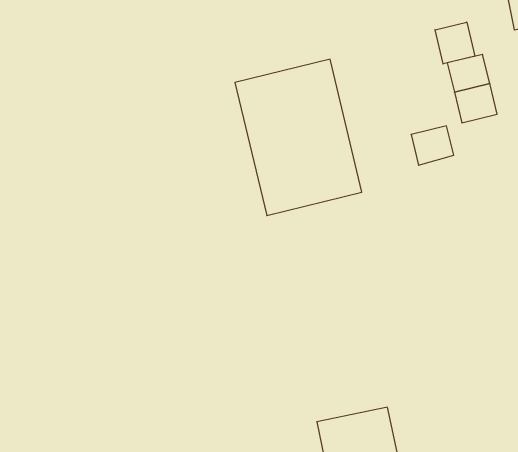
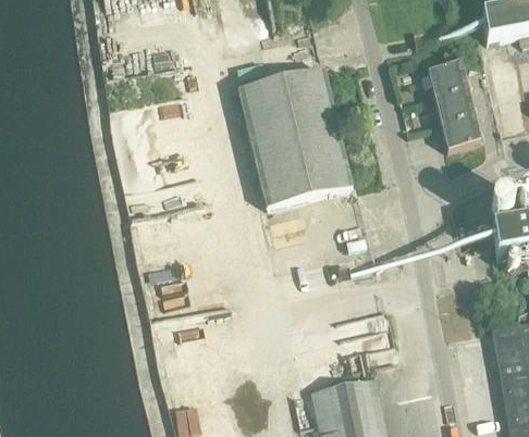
building: [435,22,475,64] -> none
building: [411,126,454,165] -> [441,113,479,148]

